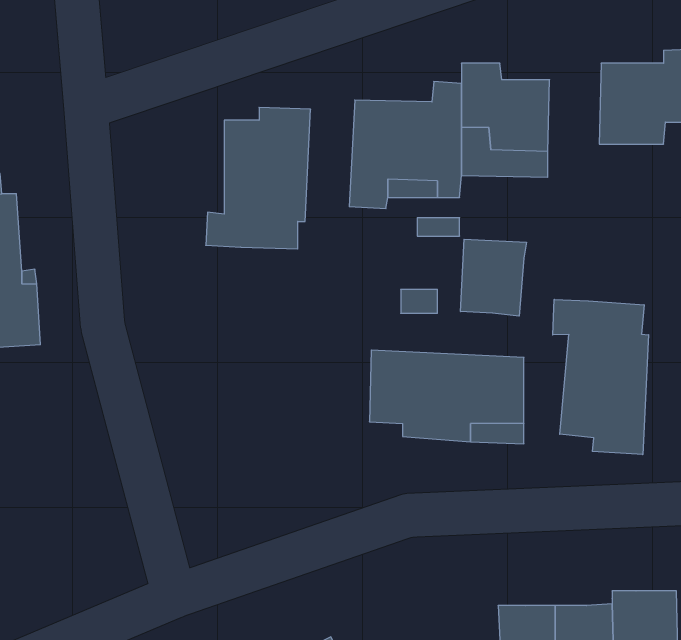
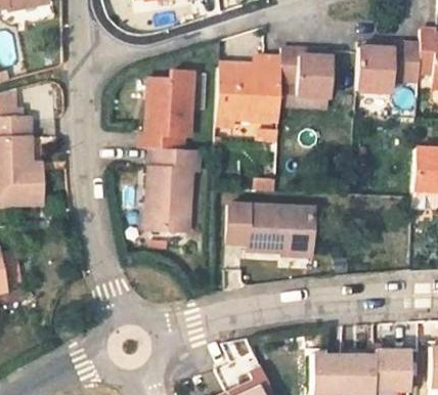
building: [461,239,526,316] -> none
building: none -> [151,150,202,235]
building: [553,299,649,455] -> none

